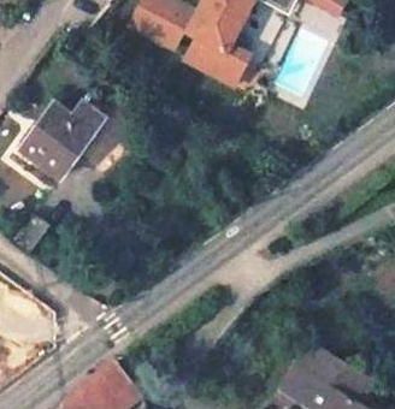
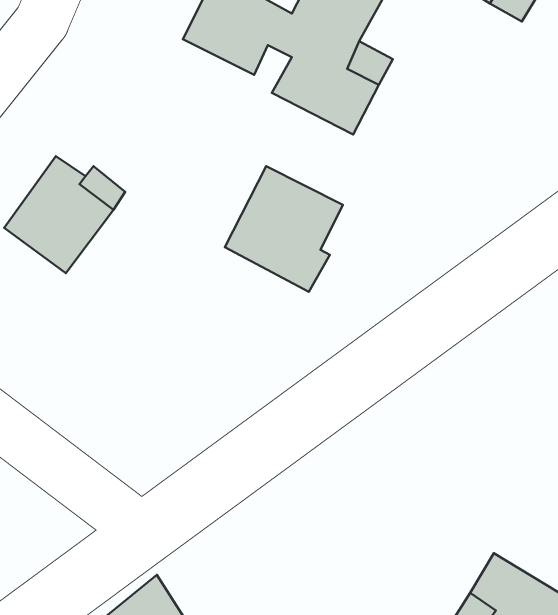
building: none -> [225,166,343,292]

